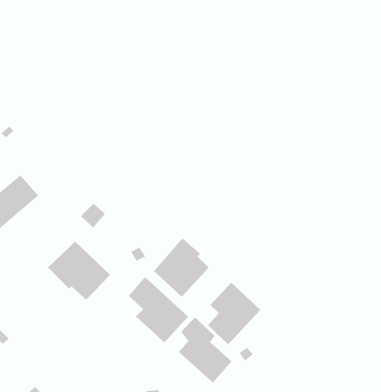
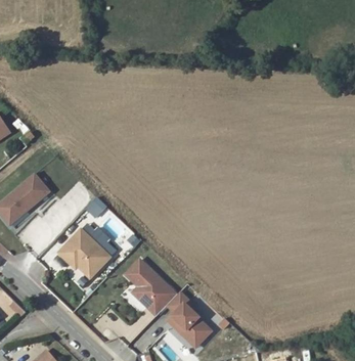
building: [153,238,209,297] -> none
building: [207,282,261,345] -> none

